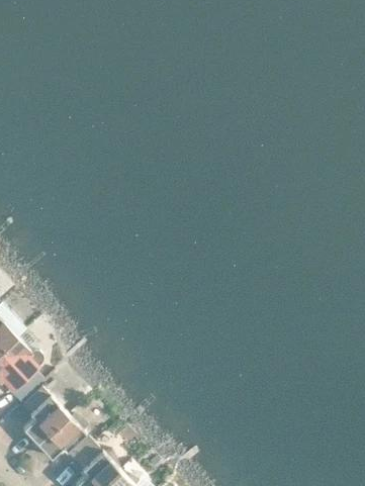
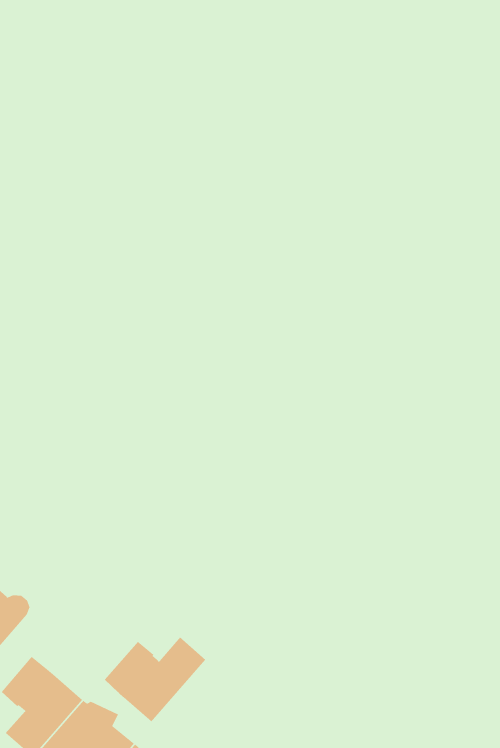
building: none -> [104,637,206,722]

